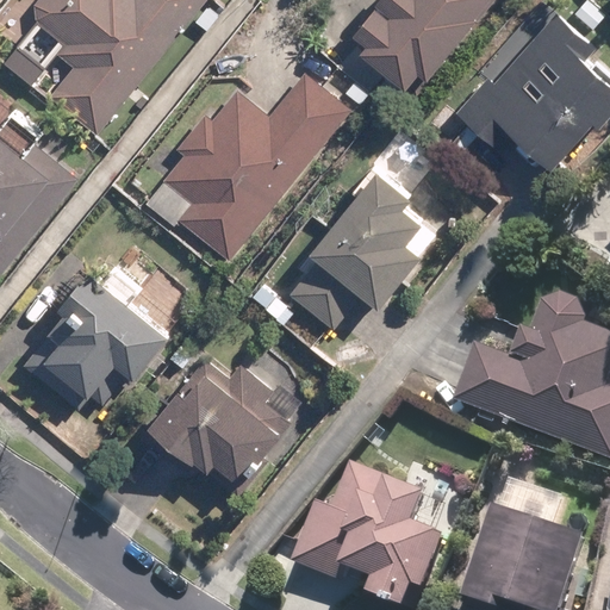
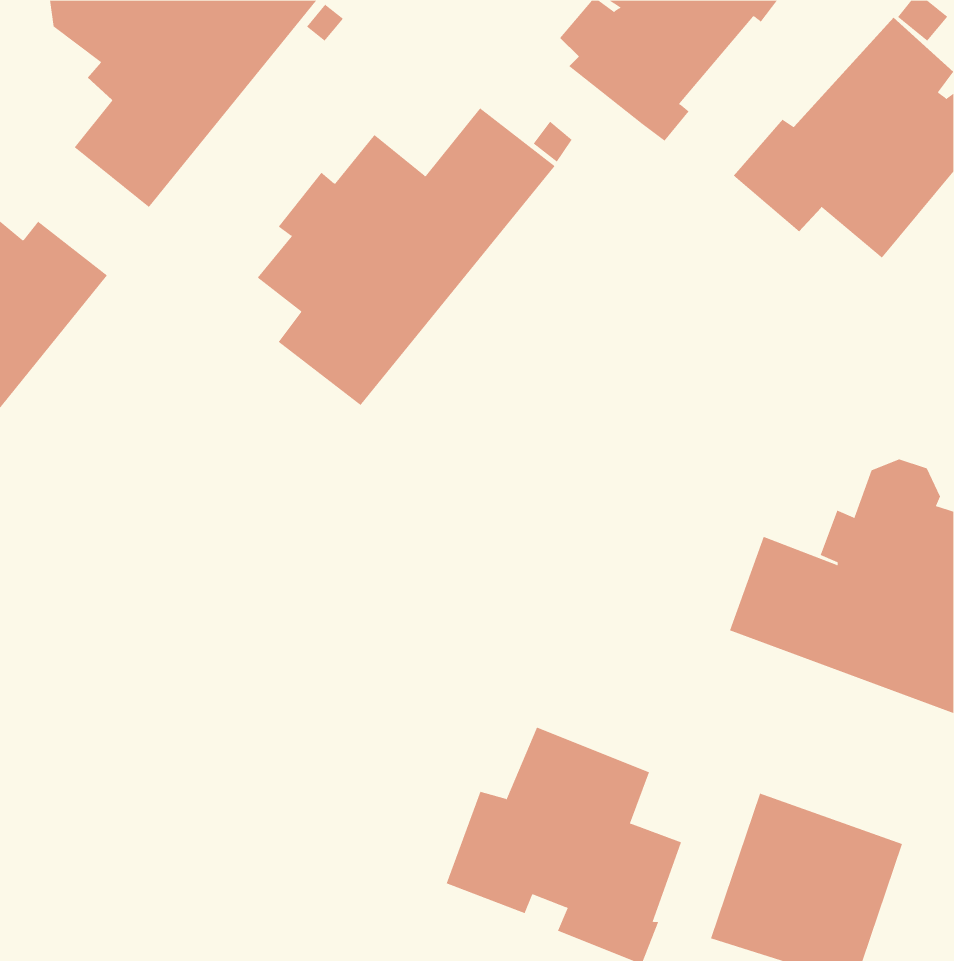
building: [304,163,434,328] -> none
building: [35,267,174,409] -> none
building: [147,357,298,496] -> none

